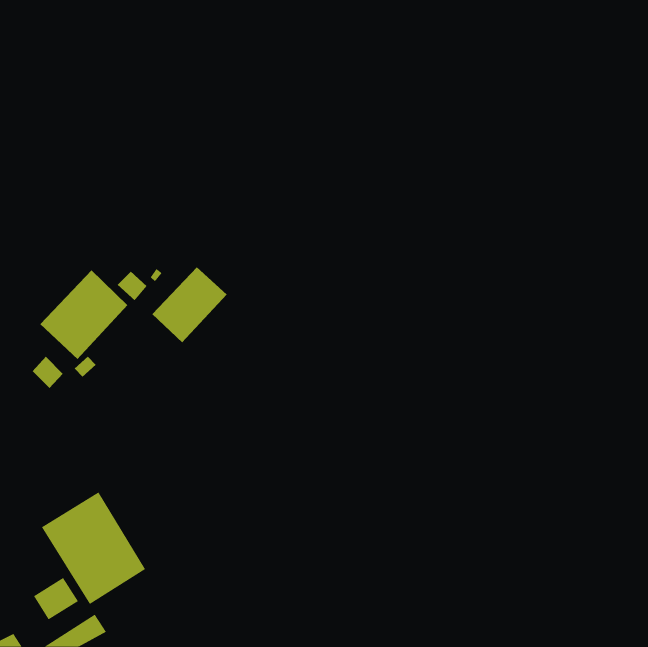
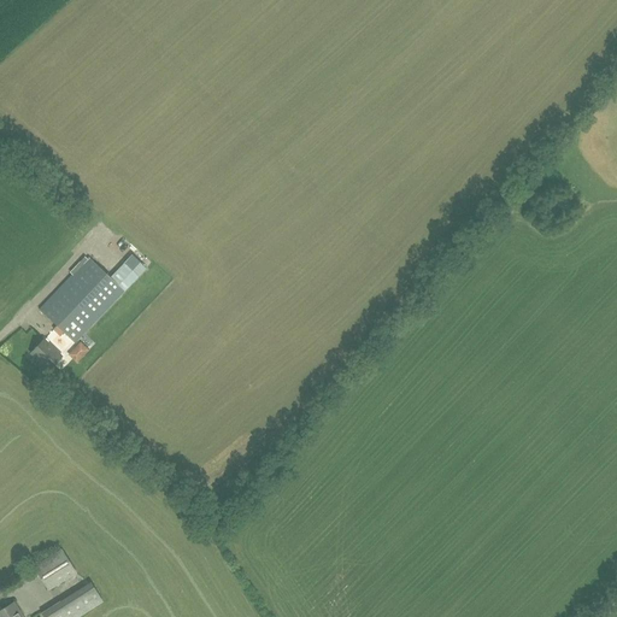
building: [152,266,228,343] -> none
building: [41,492,146,605] -> none

